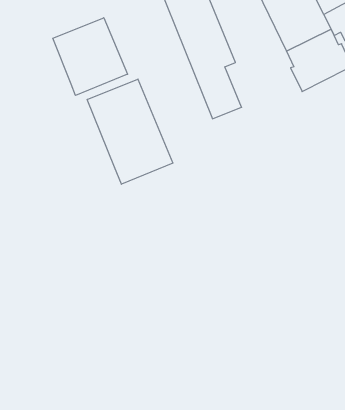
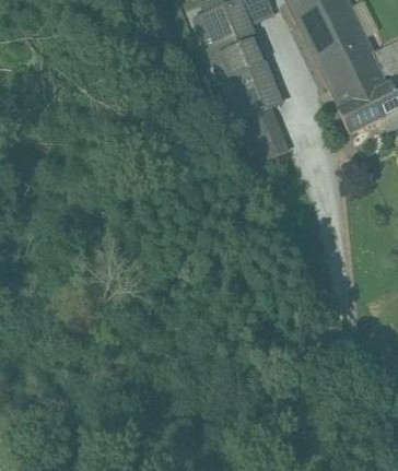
building: [53,18,128,95] -> none
building: [87,79,173,184] -> none

